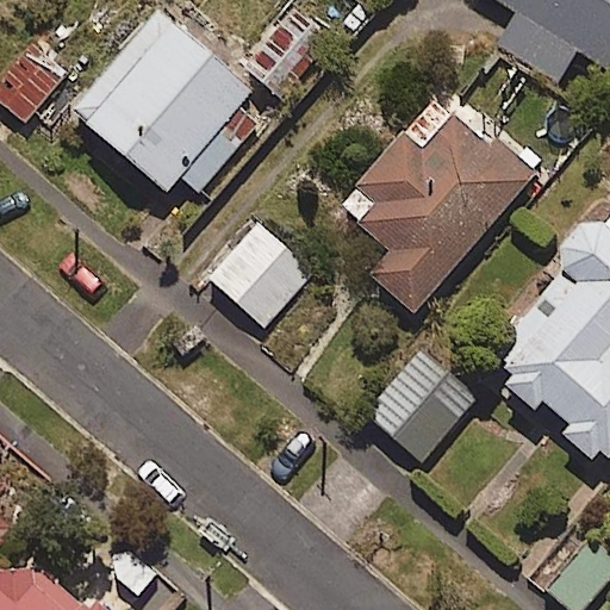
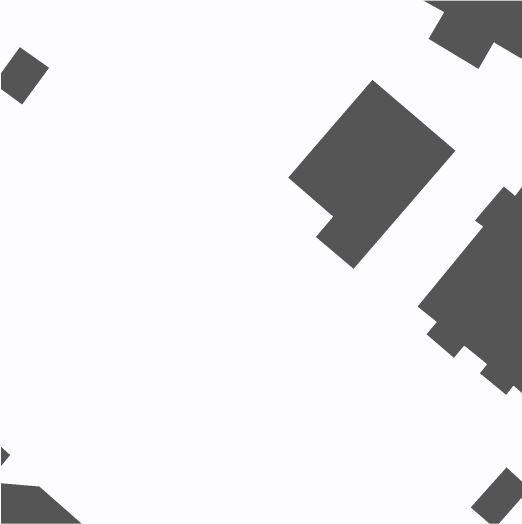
building: [68,7,254,194] -> none
building: [210,224,312,326] -> none
building: [367,348,479,462] -> none

